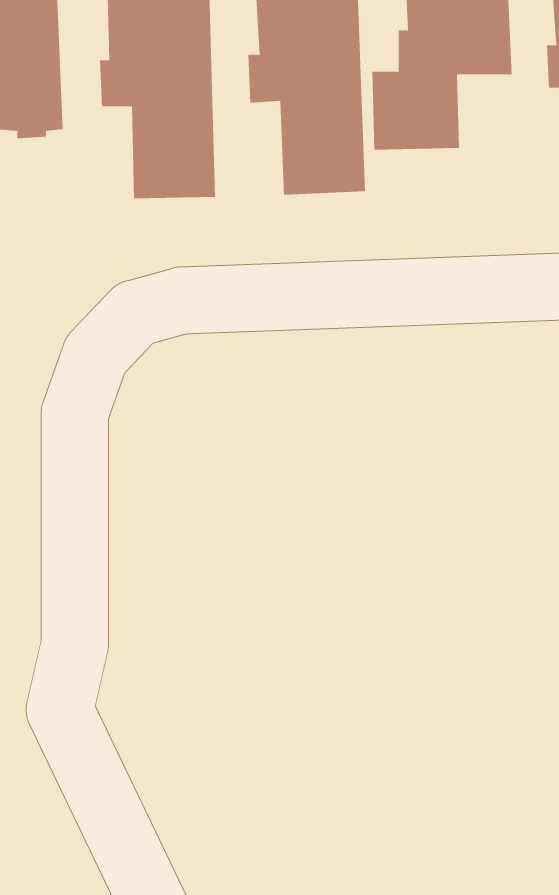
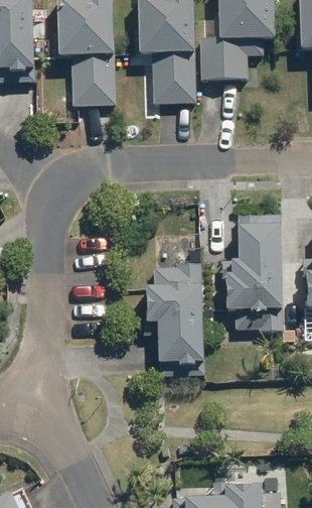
building: none -> [221,215,283,311]
building: none -> [143,263,203,365]

